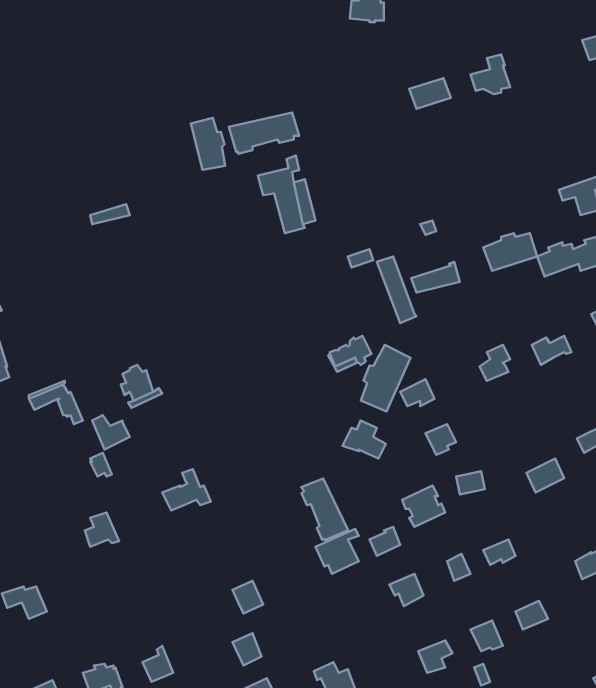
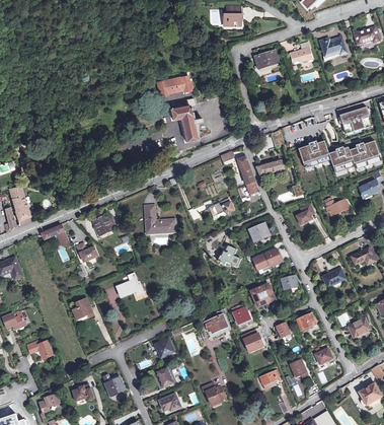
building: none -> [319,37,347,57]
building: [191,118,225,170] -> none
building: [361,345,410,411] -> none
building: none -> [144,205,175,233]
building: [301,478,348,540] -> none

